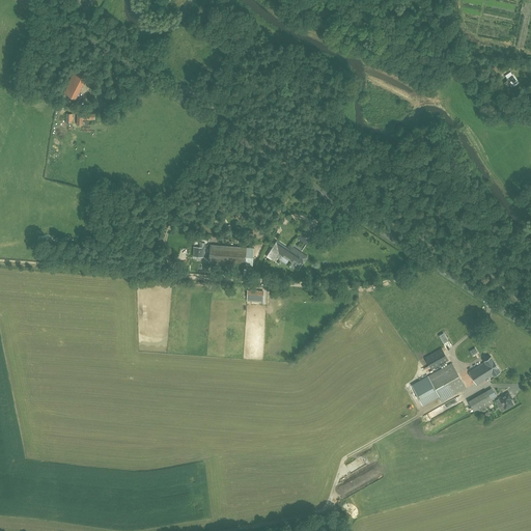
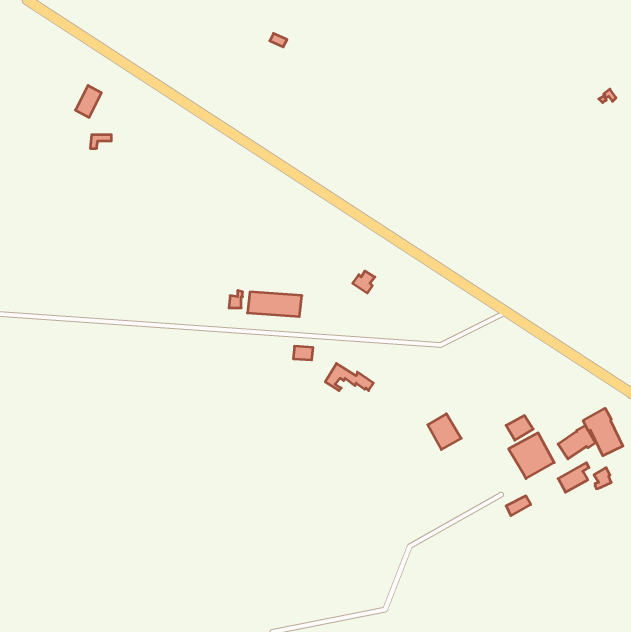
building: [266,241,306,263] -> [325,363,373,391]
building: none -> [583,408,623,456]
building: [411,376,439,407] -> [428,414,461,450]

